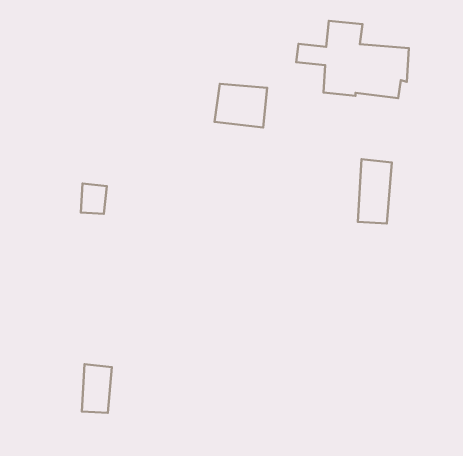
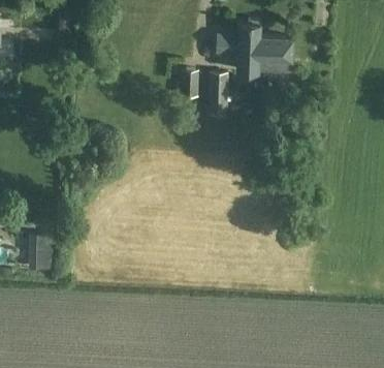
building: [358,159,392,223] -> [209,73,229,116]
building: [82,364,112,413] -> [36,234,55,266]

